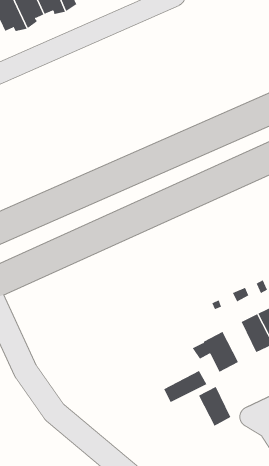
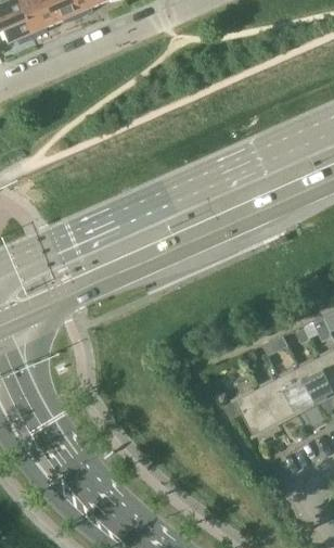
building: [163,370,207,403] -> none
building: [198,386,231,427] -> [259,375,297,422]

